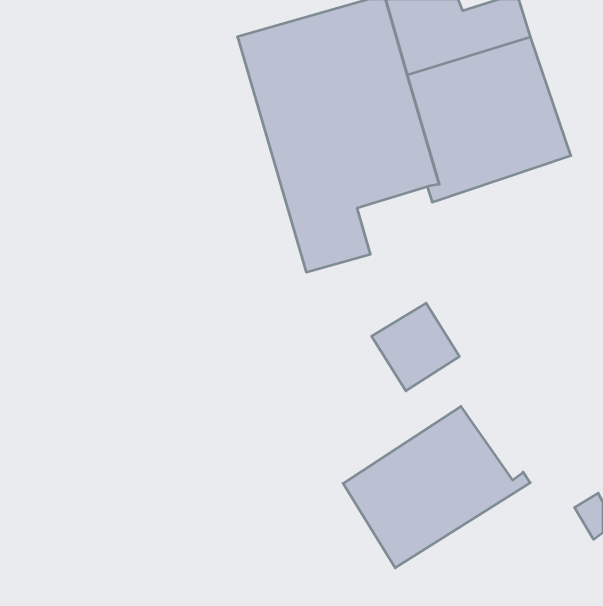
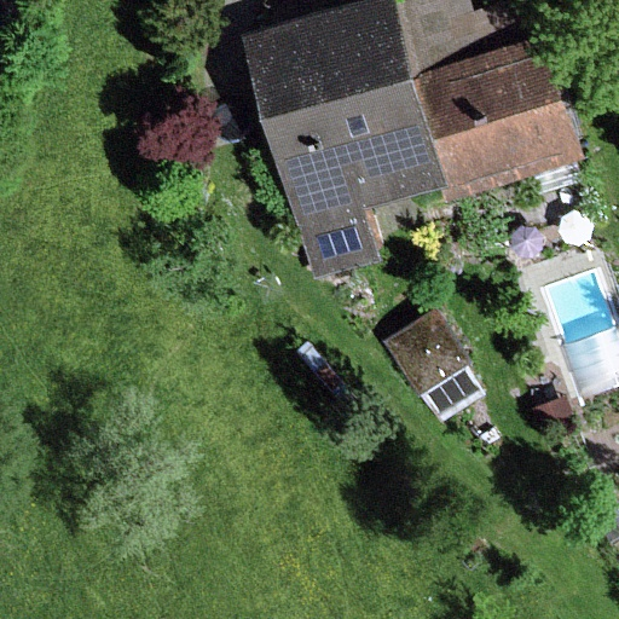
building: [343,406,530,568] -> none

